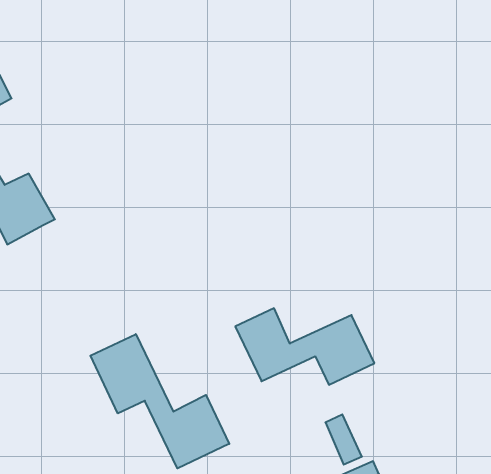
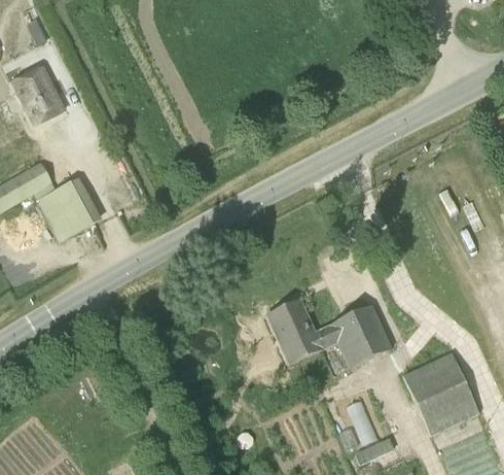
building: [90,334,229,468] -> none
building: none -> [402,351,479,434]

